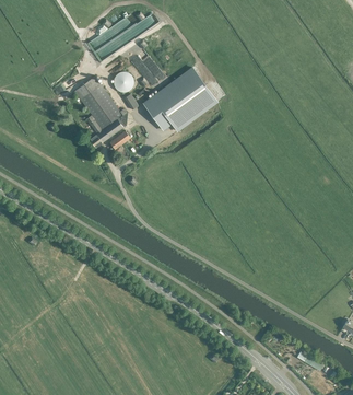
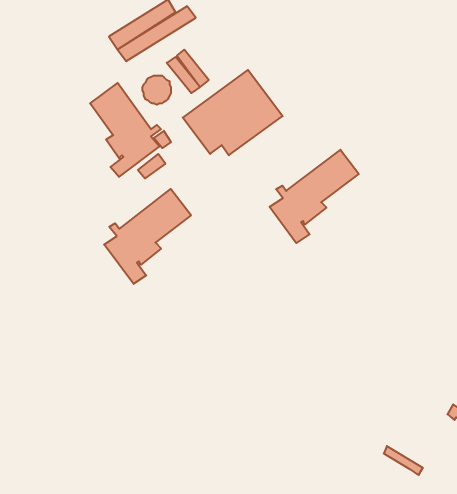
building: none -> [270,150,359,243]
building: none -> [104,189,191,284]

